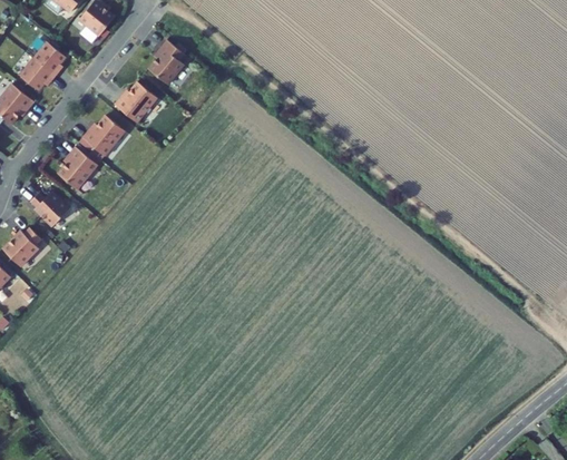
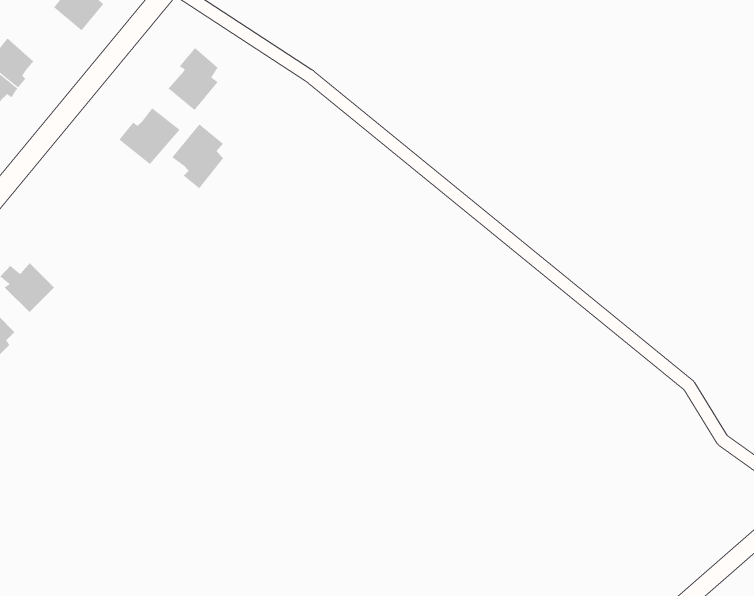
building: none -> [172,124,224,189]
building: [84,116,127,157] -> none
building: [59,147,99,190] -> none

